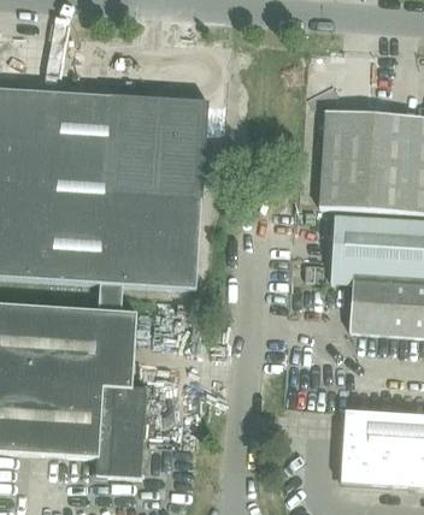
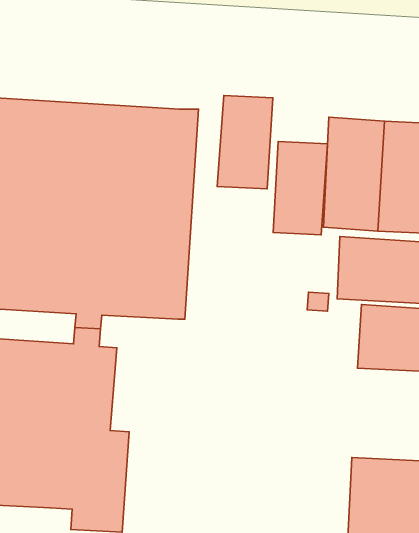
building: none -> [217,95,273,189]
building: none -> [273,141,328,235]

